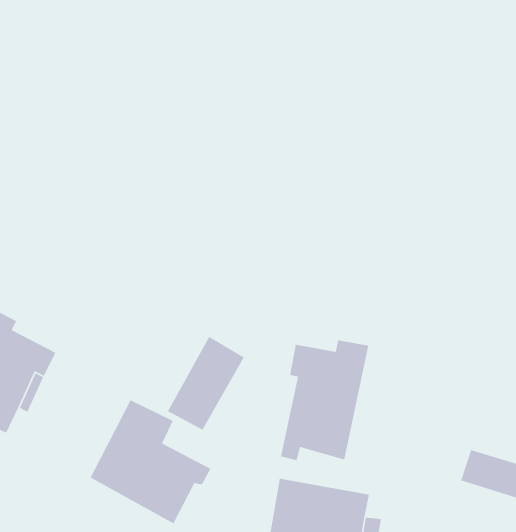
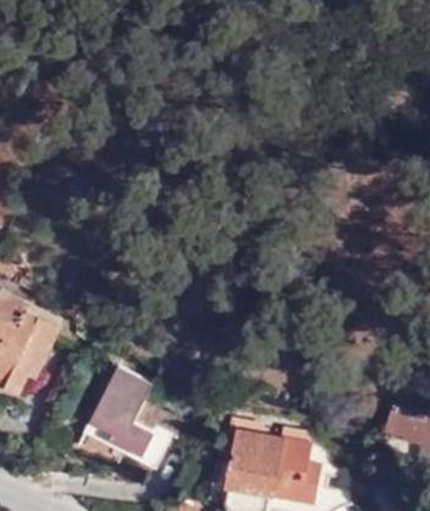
building: [167,336,245,431] -> none
building: [280,339,369,461] -> none

